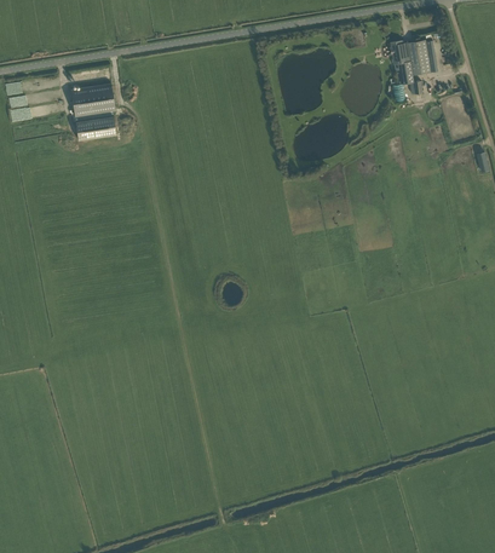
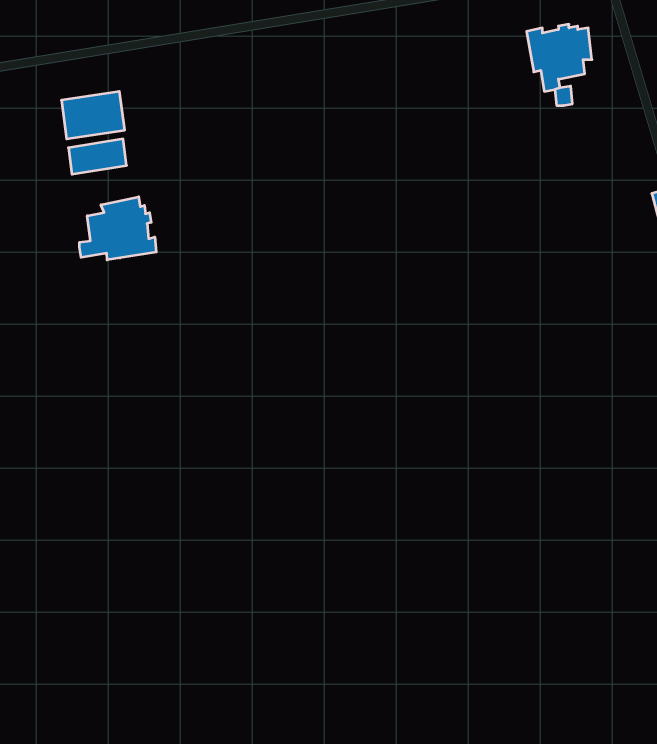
building: none -> [79,197,156,260]

